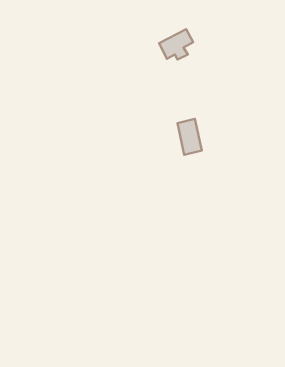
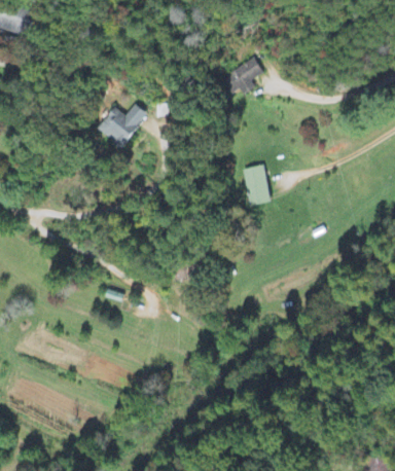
building: none -> [99,104,148,147]

